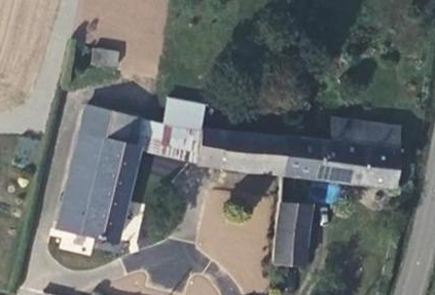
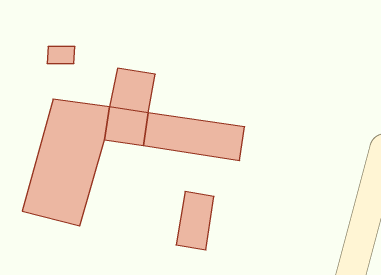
building: [283,117,404,191] -> none
building: [269,201,309,262] -> [176,191,214,250]

